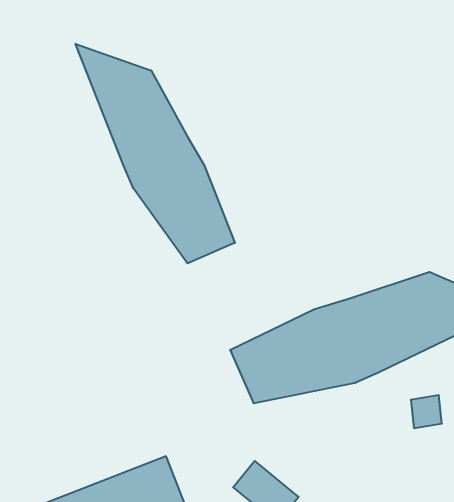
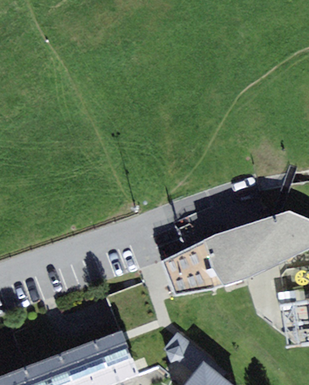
building: [76,44,235,263] -> none

